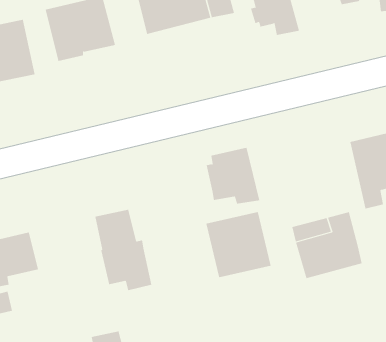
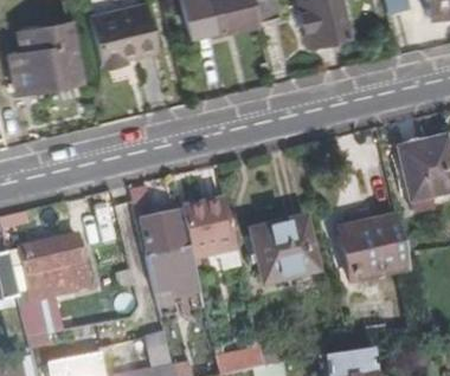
building: [206,147,260,204] -> [184,199,238,255]

